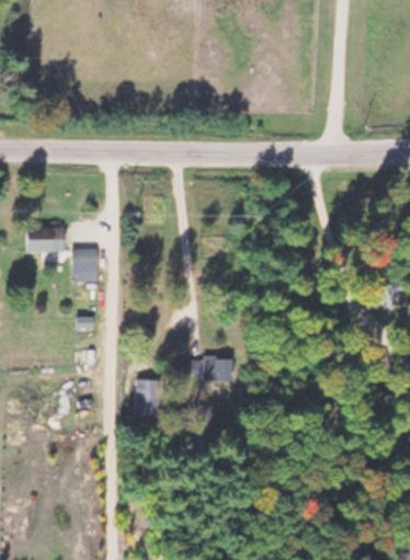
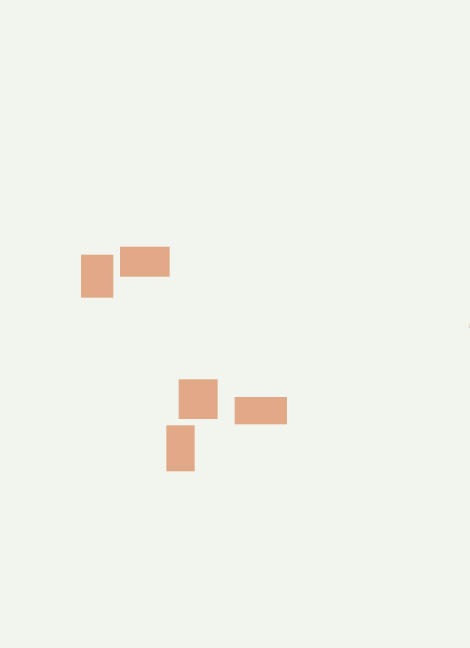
building: [24,227,64,251] -> [119,246,170,277]
building: none -> [178,379,218,420]

